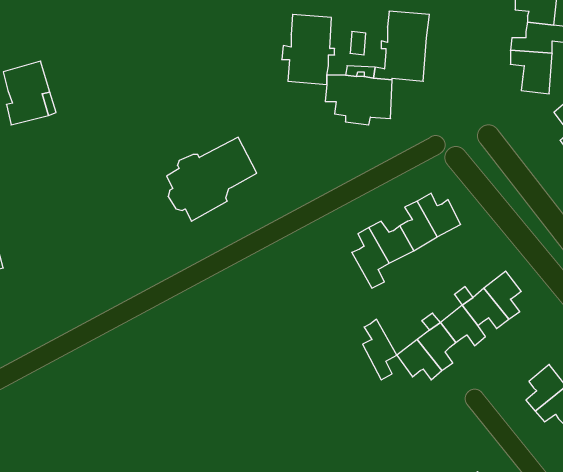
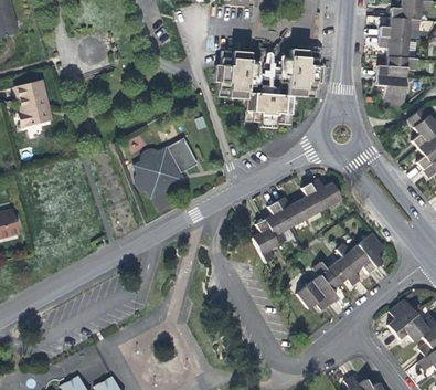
building: [363,319,397,380] -> [254,219,278,262]

